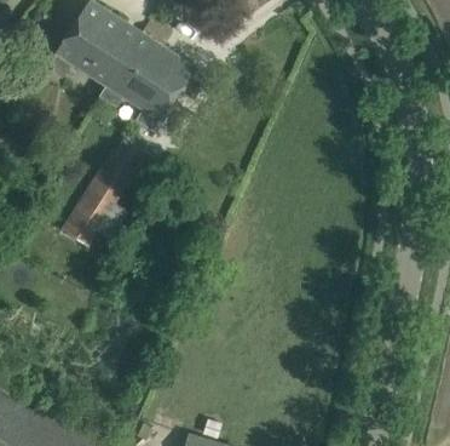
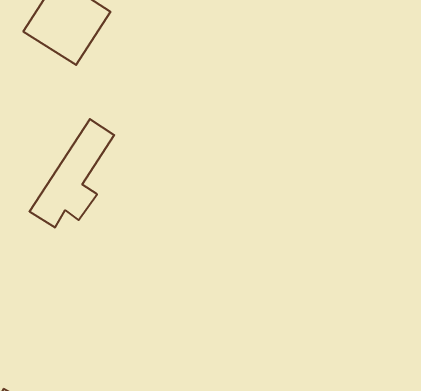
building: [105,34,194,121] -> none

